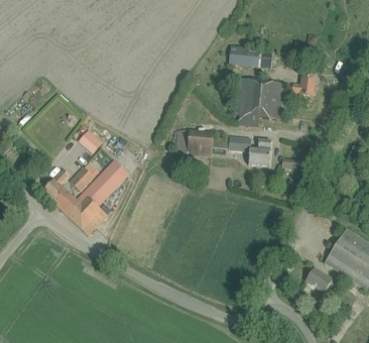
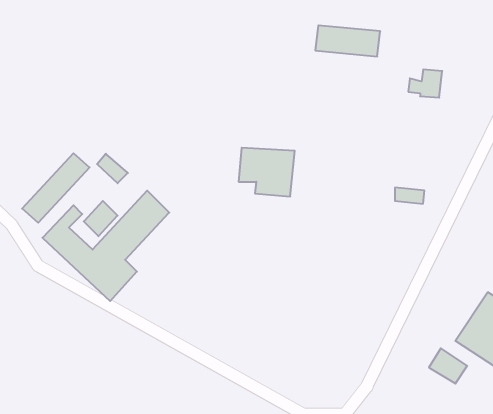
building: [234,78,289,126] -> none
building: none -> [22,153,90,223]
building: [229,136,271,165] -> none

